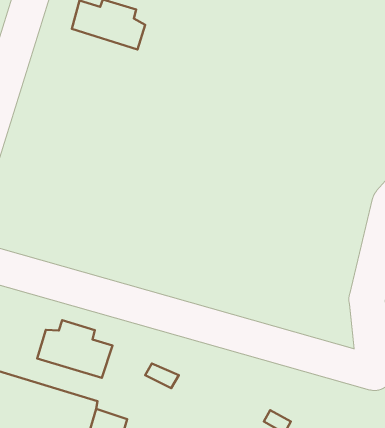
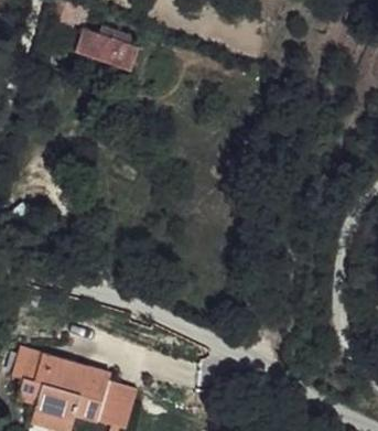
building: [37,320,113,378] -> none

